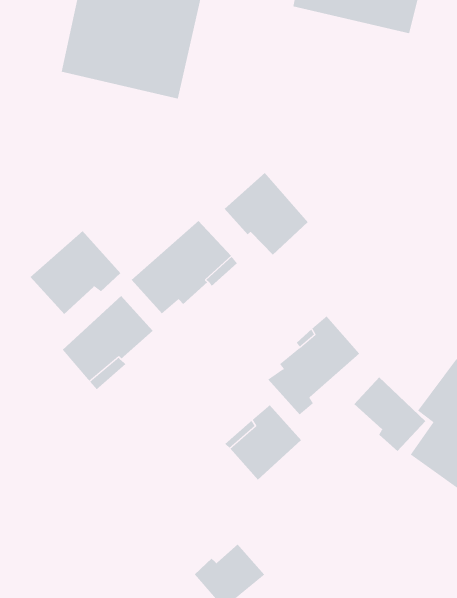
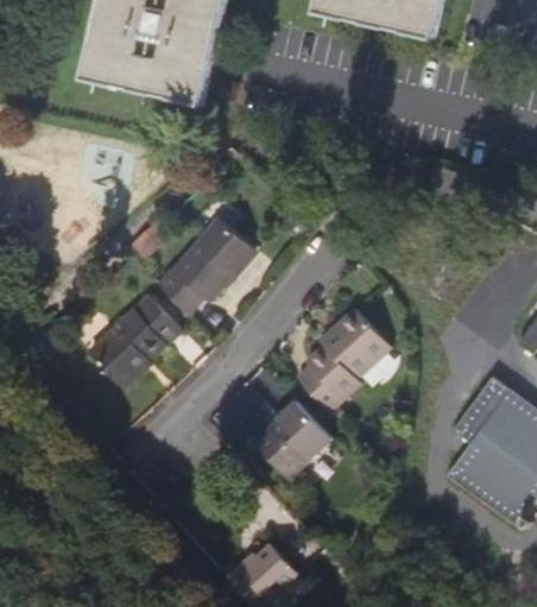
building: [224,172,308,255] -> none
building: [30,230,121,315] -> none
building: [354,376,426,452] -> none

